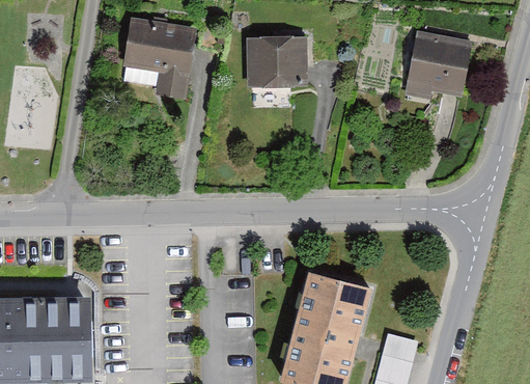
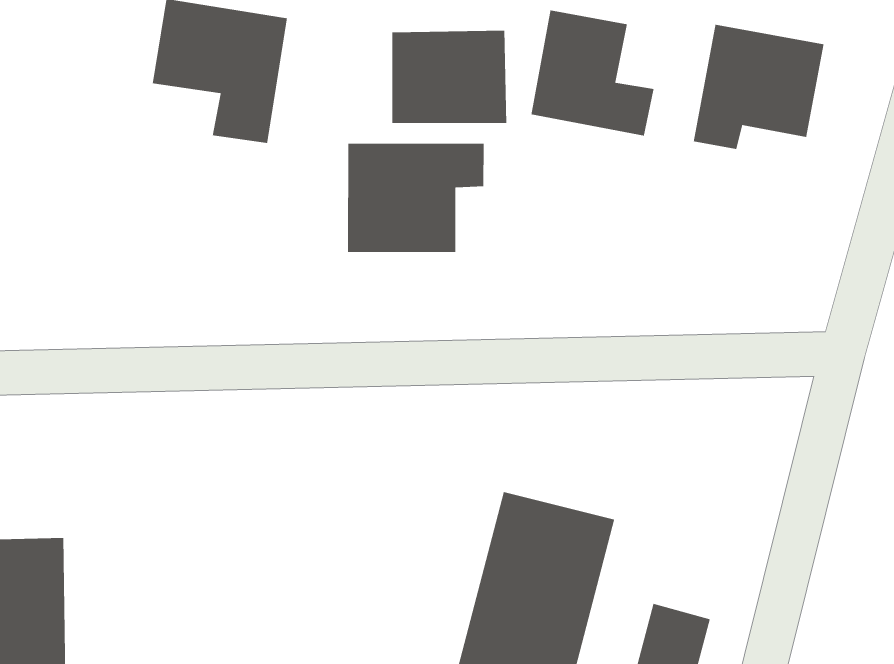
building: none -> [530,9,654,136]
building: none -> [347,143,484,253]

